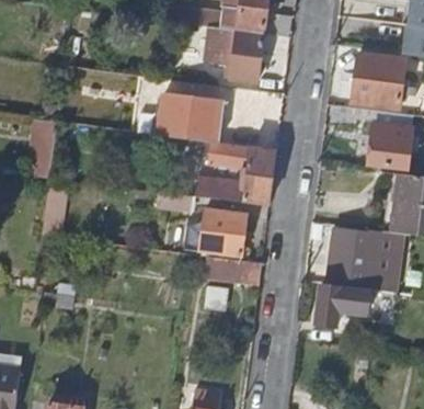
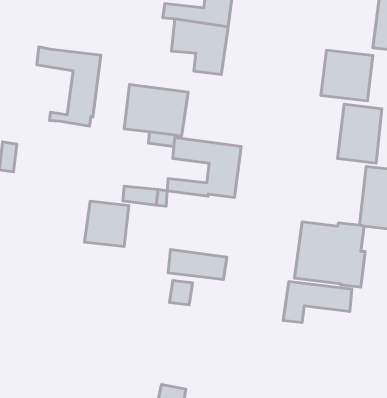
building: none -> [37,47,101,126]
building: [199,208,243,253] -> [84,201,129,247]

